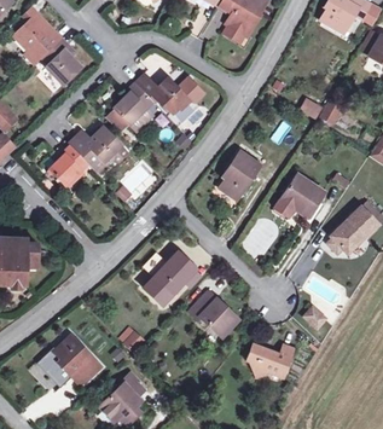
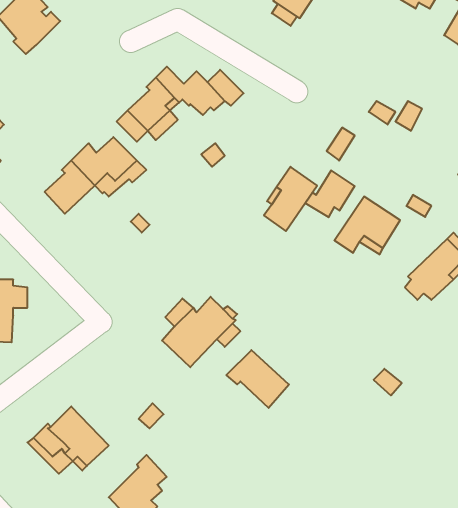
building: [45,39,82,85] -> none
building: none -> [305,170,355,217]
building: [248,344,295,377] -> none

